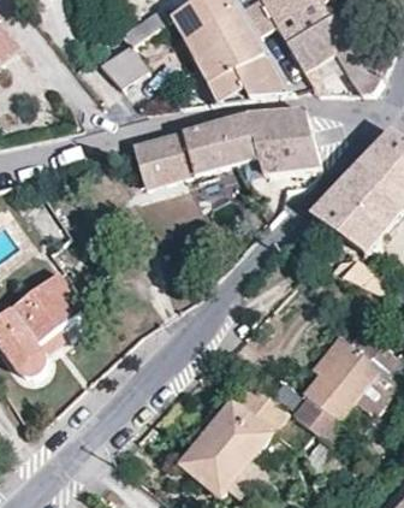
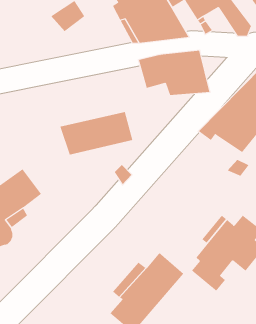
building: [130,123,232,183] -> [59,112,133,155]

